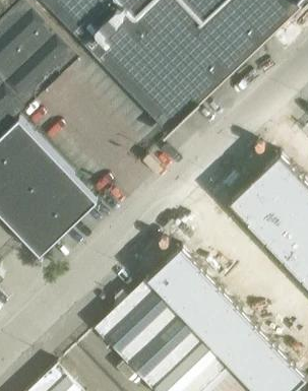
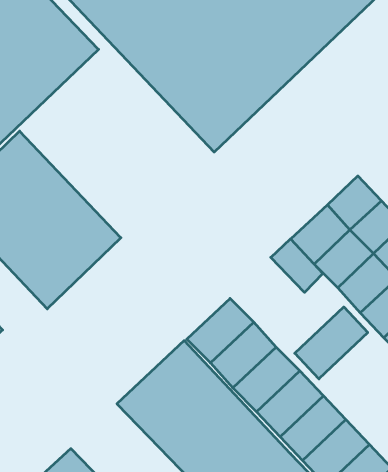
building: none -> [271,239,323,292]
building: none -> [295,307,368,379]

